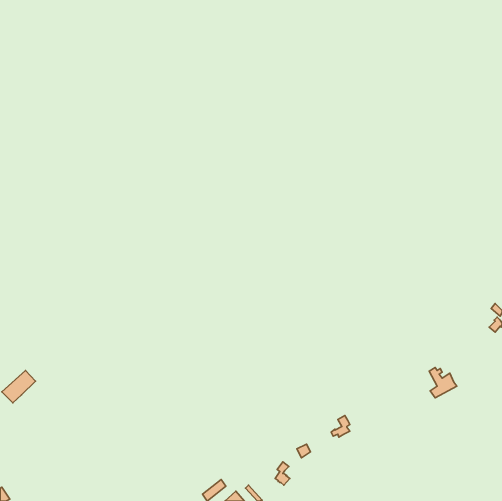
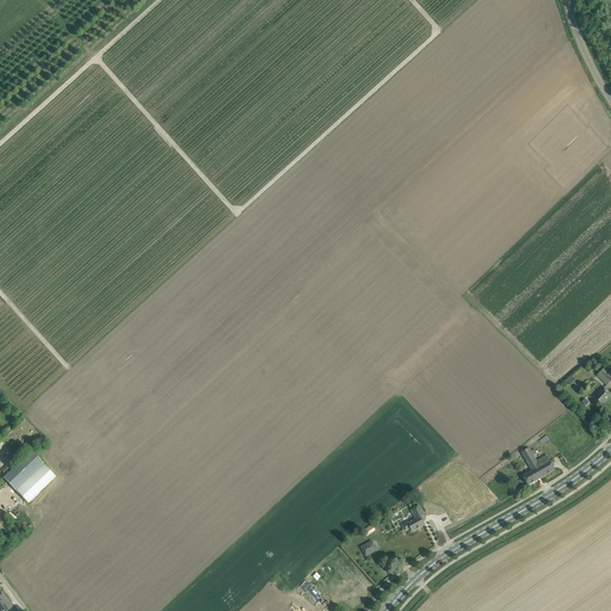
building: none -> [16,463,55,502]

